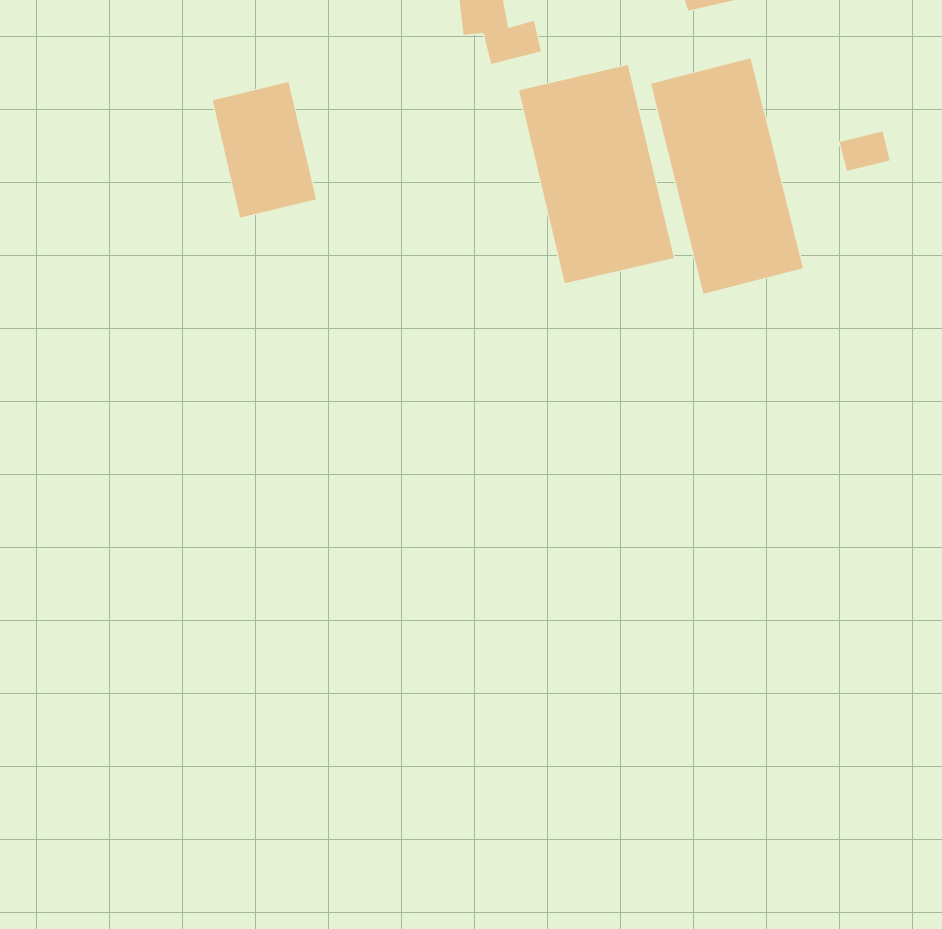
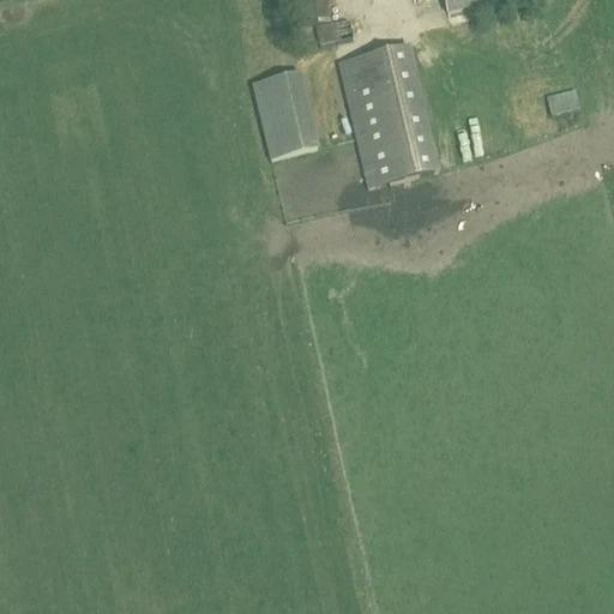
building: [650,58,804,295] -> none
building: [212,82,317,218] -> [251,68,319,157]

